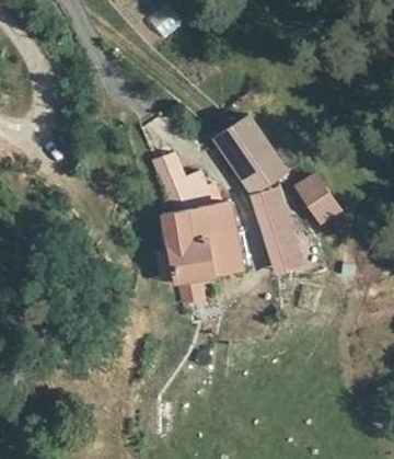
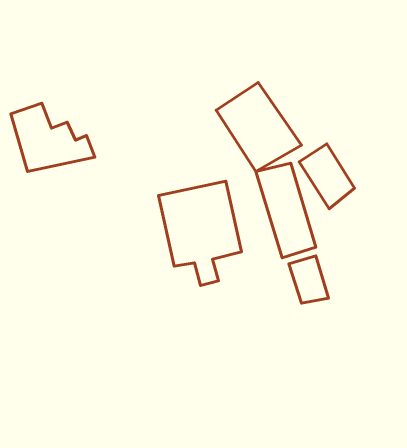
building: [147,153,223,216] -> [11,103,95,171]
building: none -> [289,256,329,303]

